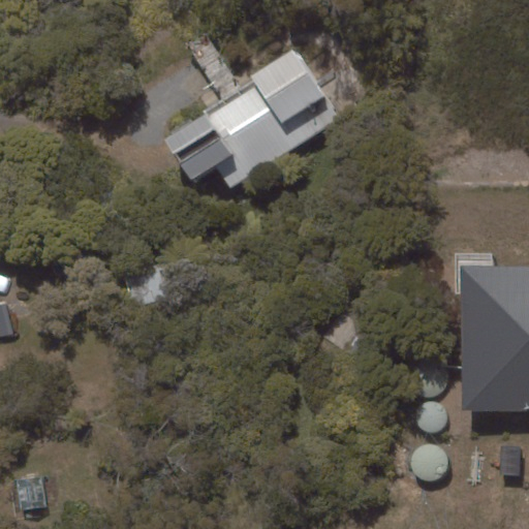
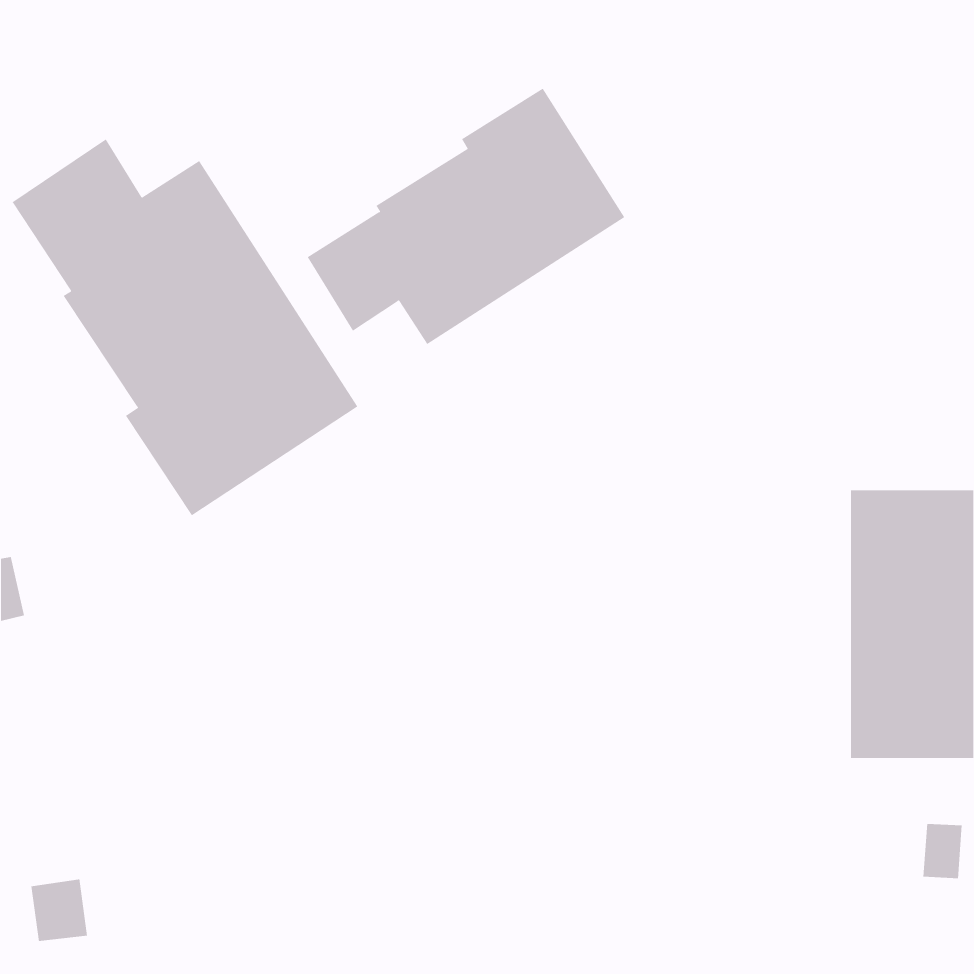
building: none -> [12,139,358,516]

